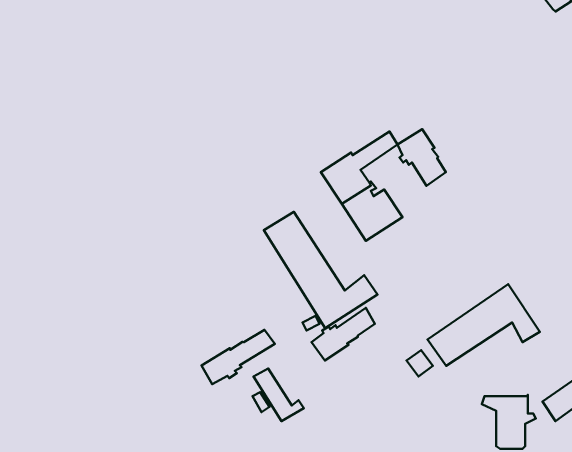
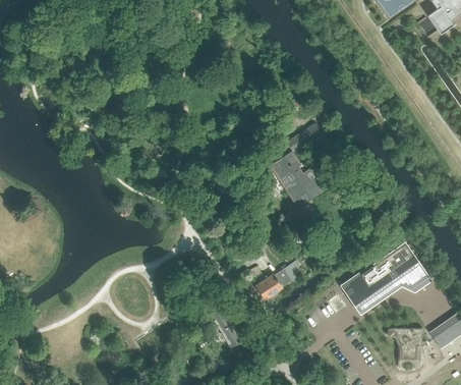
building: [397,129,446,186] -> none
building: [264,212,378,328] -> none
building: [201,330,275,384] -> none

